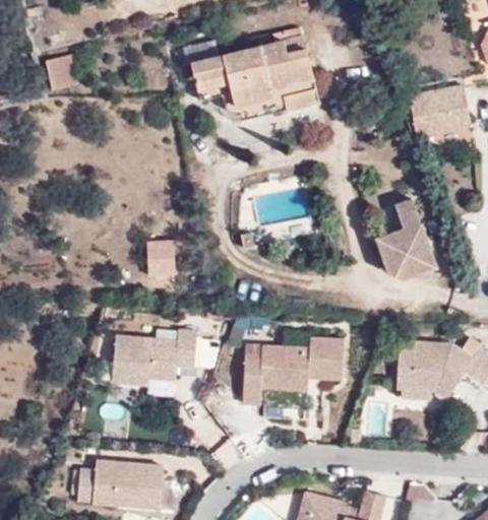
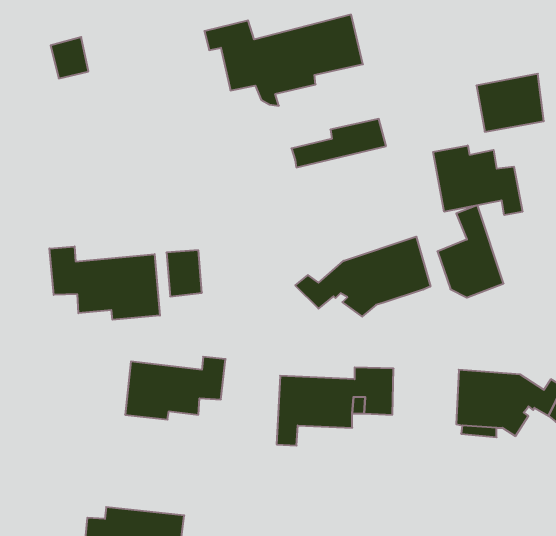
building: [240,78,321,120] -> [291,119,386,167]
building: none -> [433,145,522,215]
building: none -> [295,237,430,317]
building: none -> [49,246,160,320]

